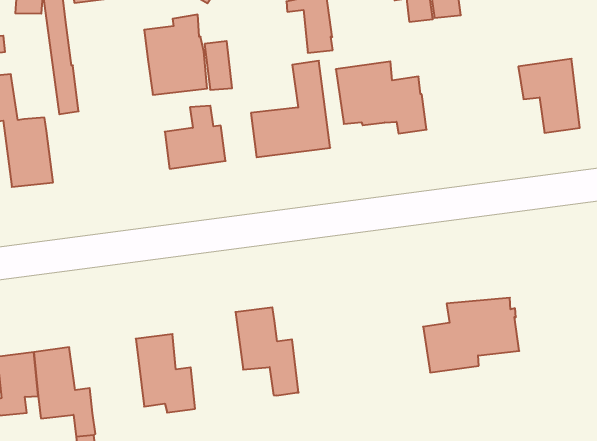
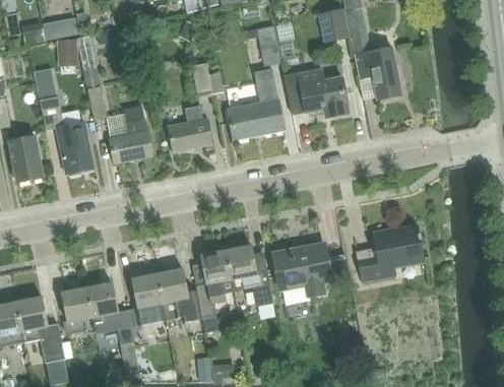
building: [144,15,207,95] -> [105,105,151,163]
building: [518,59,580,133] -> [355,47,400,100]
building: none -> [196,249,234,331]
building: none -> [275,245,329,305]
building: none -> [128,272,167,326]

